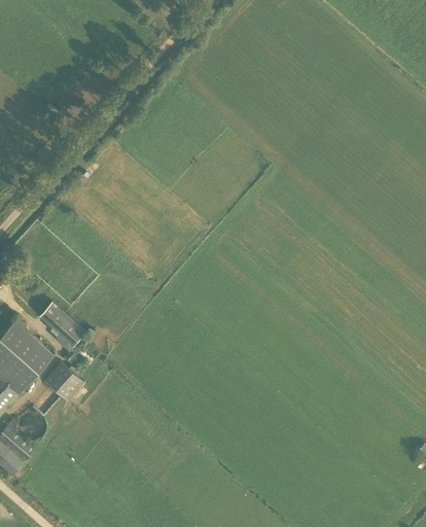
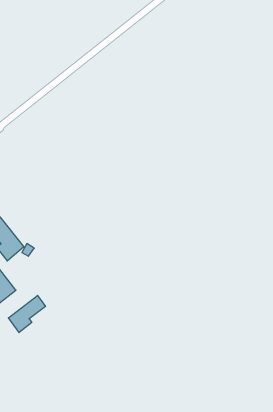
building: none -> [8,295,45,333]

